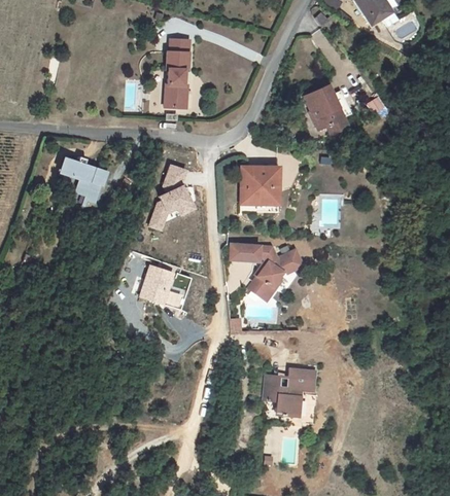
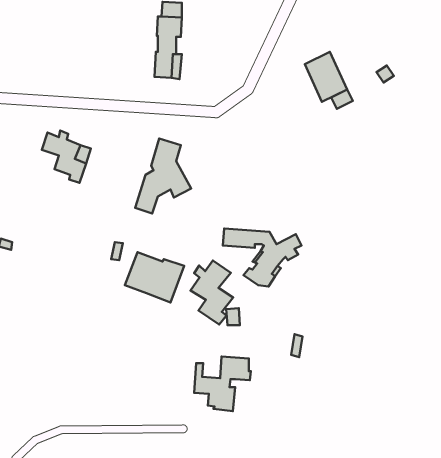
building: [238,166,276,211] -> none
building: none -> [190,260,233,324]
building: [266,367,317,417] -> [194,356,251,411]

